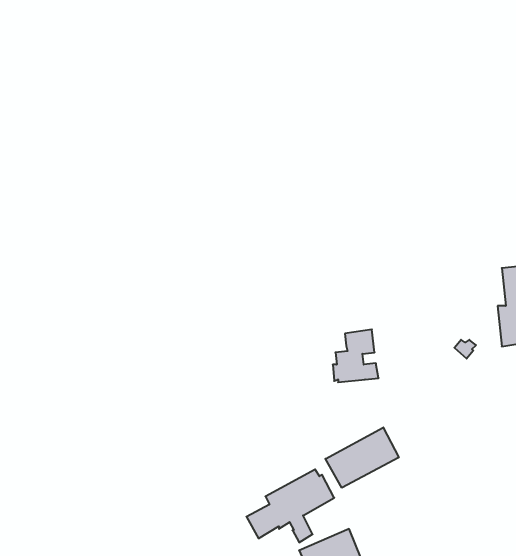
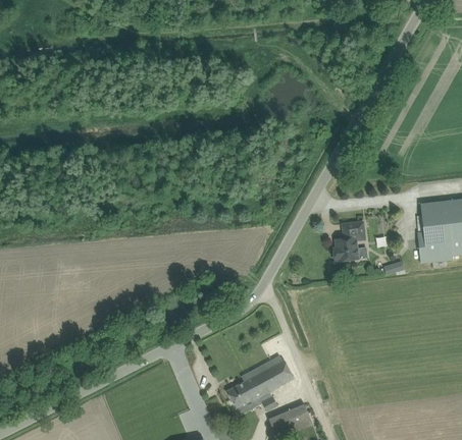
building: [333,329,379,382] -> [333,222,368,262]
building: [325,427,399,488] -> none

